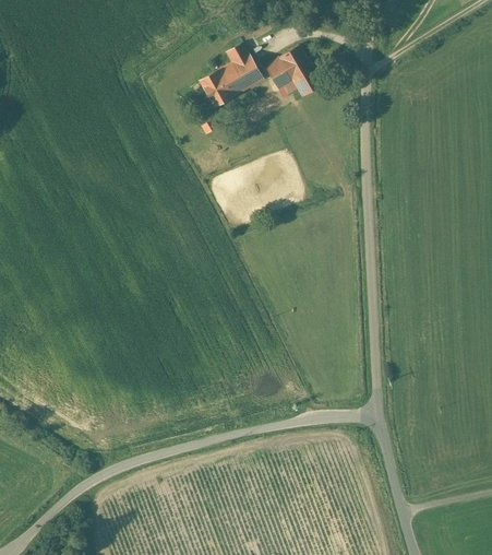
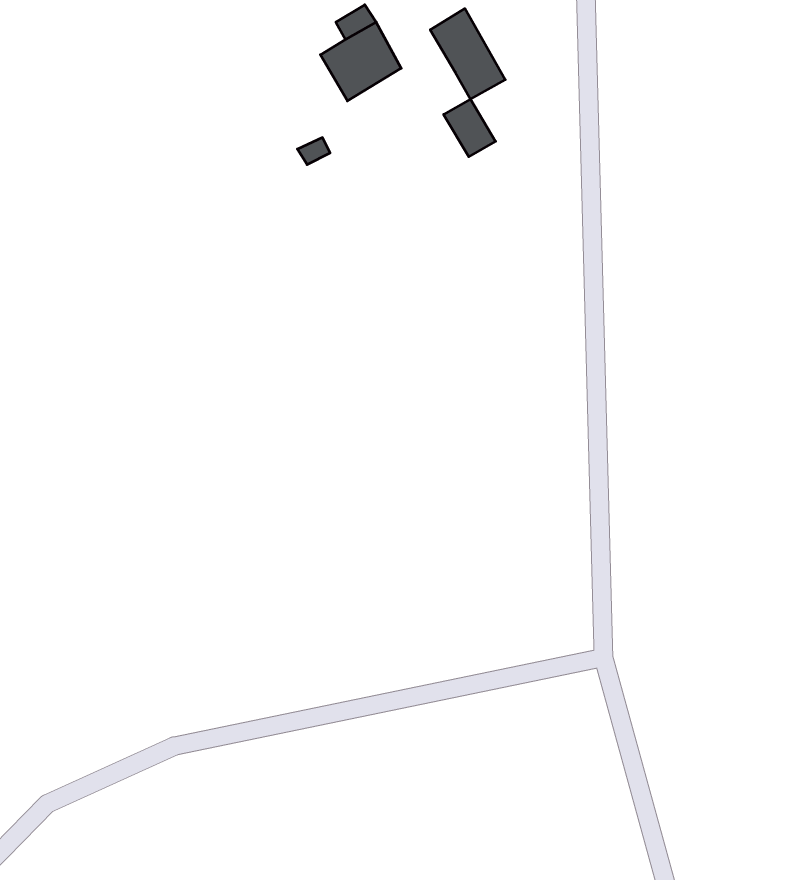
building: [263,58,292,91] -> [444,99,496,157]
building: [199,72,231,108] -> none

